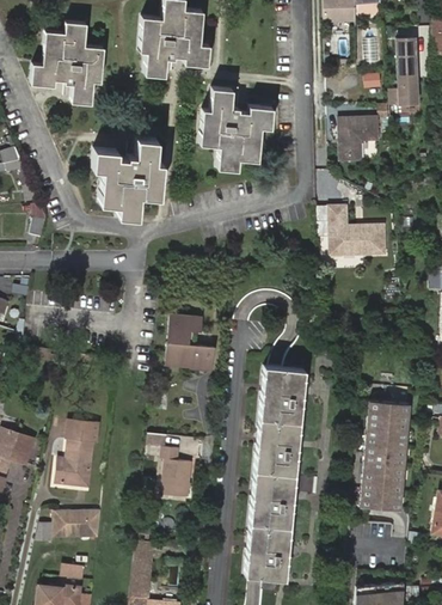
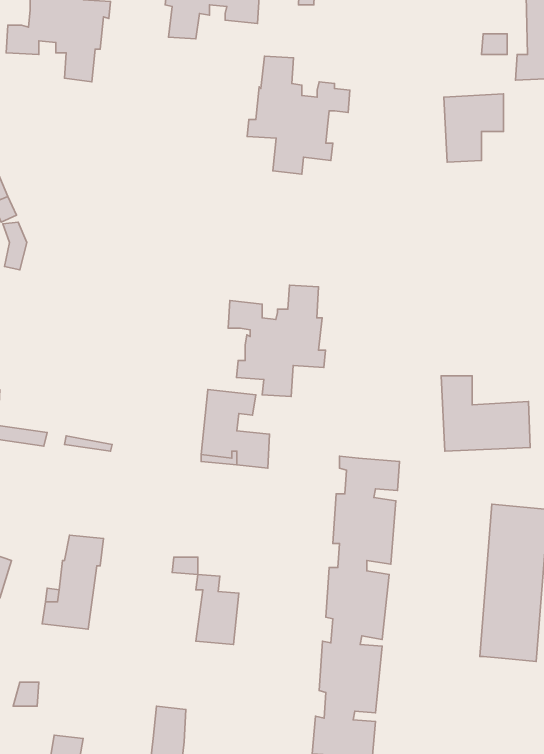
building: [93,139,161,216] -> [228,285,325,396]
building: [327,203,389,256] -> [441,376,530,451]
building: [56,512,103,538] -> none

